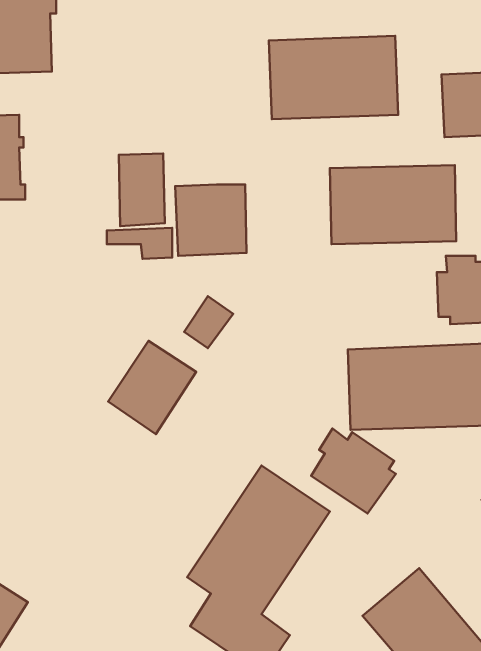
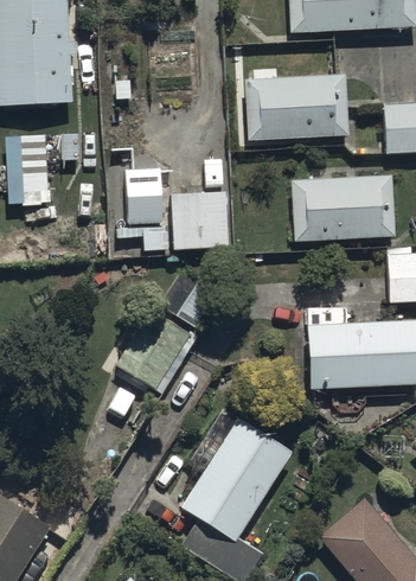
building: [311,429,396,513] -> none

